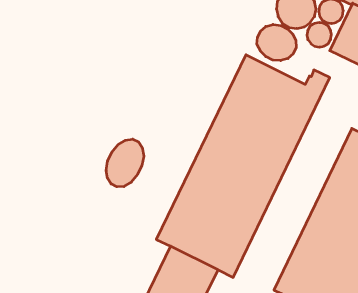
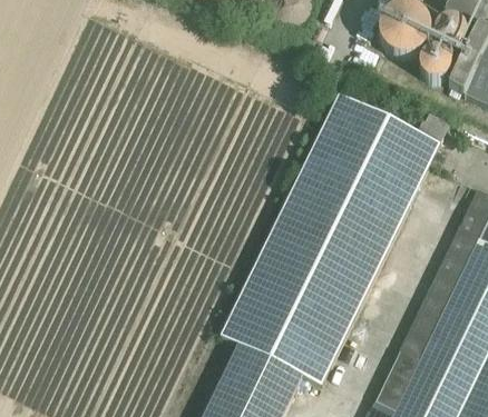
building: [257,24,296,61] -> none
building: [106,139,144,187] -> none

